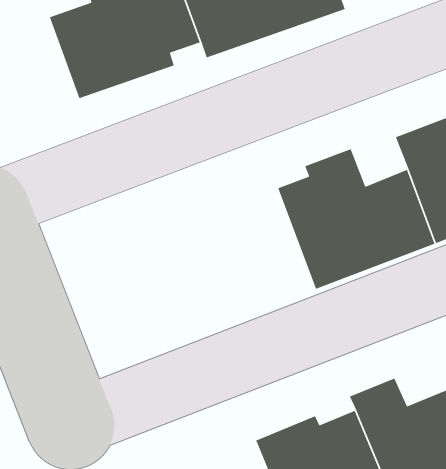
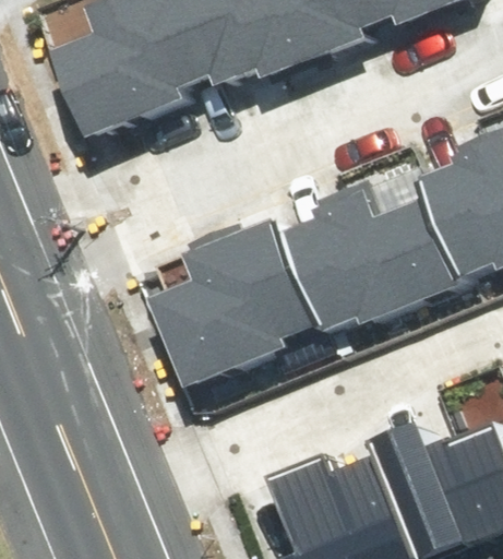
building: none -> [155,225,331,386]

